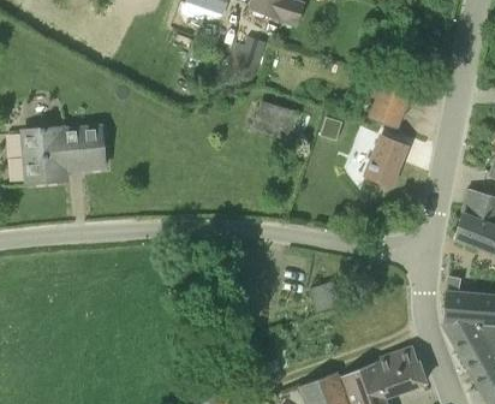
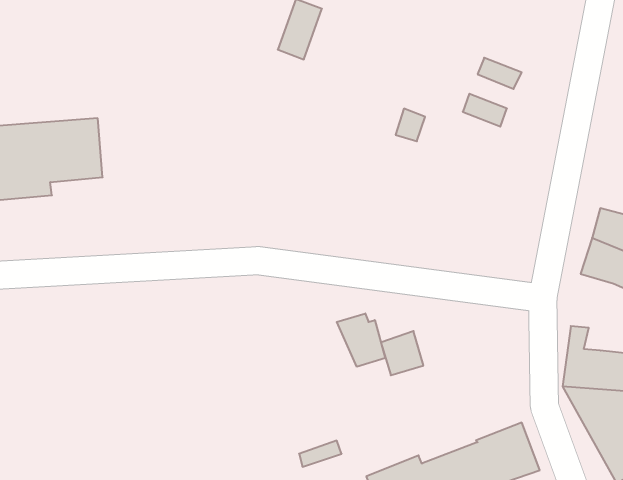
building: [252,100,299,141] -> none
building: [366,131,407,183] -> none
building: none -> [337,313,385,367]

